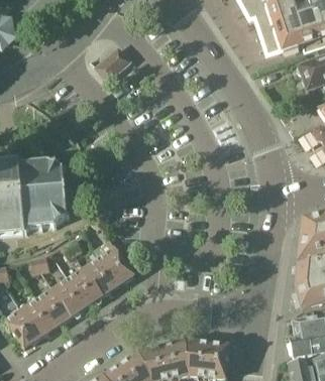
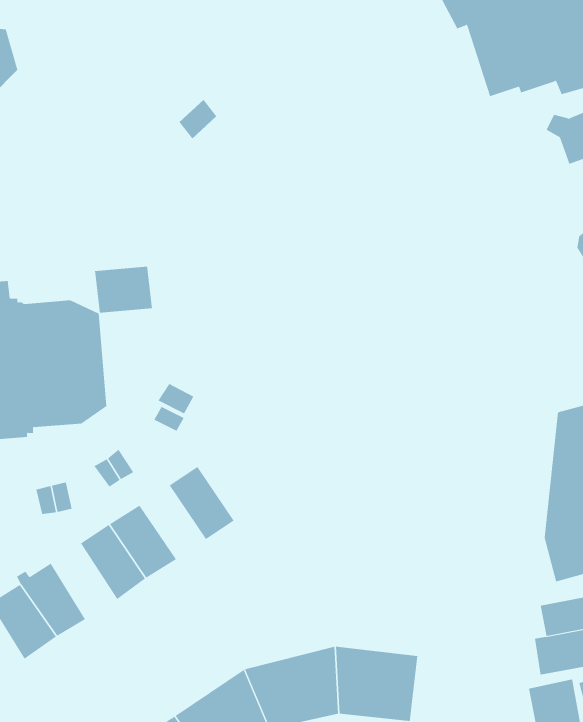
building: none -> [94,266,152,313]
building: [85,257,119,295] -> none
building: [38,287,73,327] -> none

